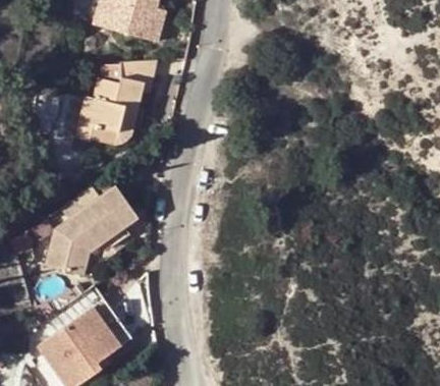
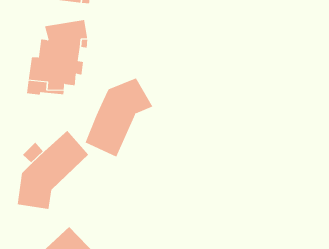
building: none -> [85,77,153,157]

